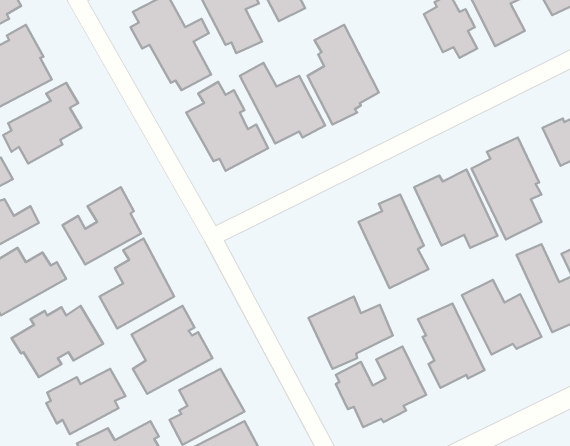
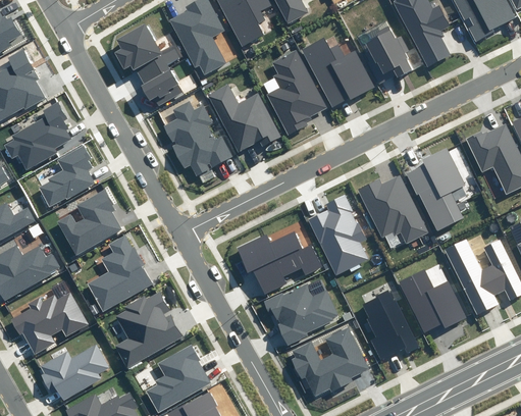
building: none -> [300,38,374,109]
building: none -> [38,148,95,208]
building: none -> [238,231,322,297]

